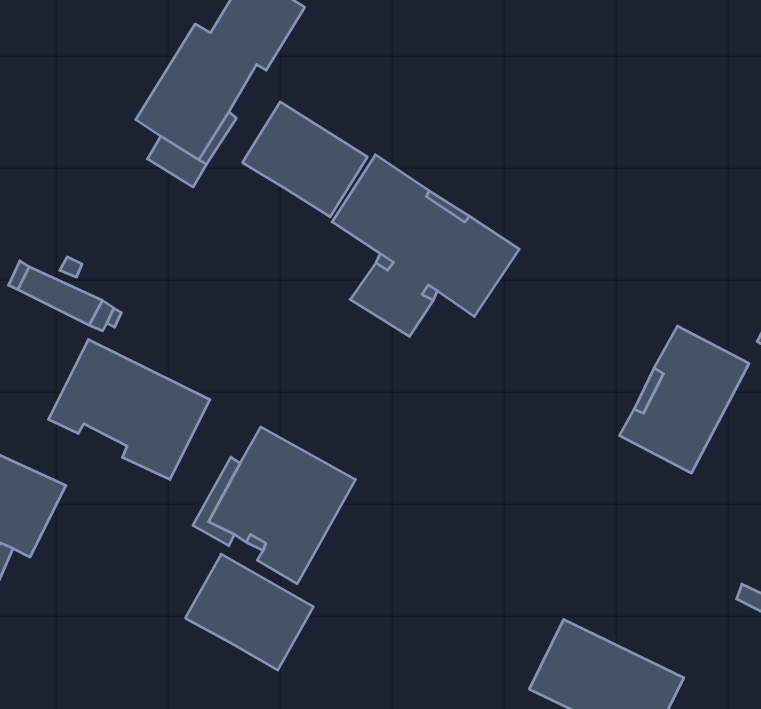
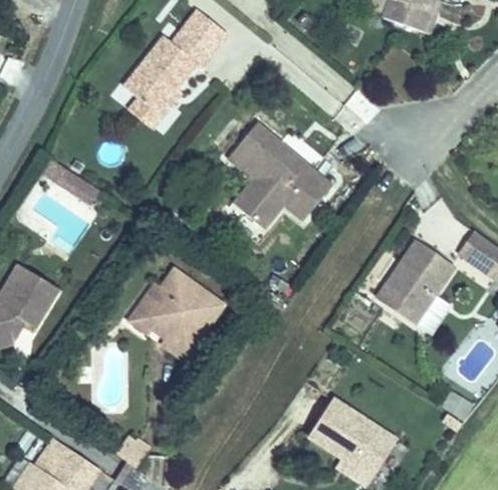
building: [243,102,367,217] -> none
building: [48,339,210,480] -> none
building: [186,554,313,670] -> none

